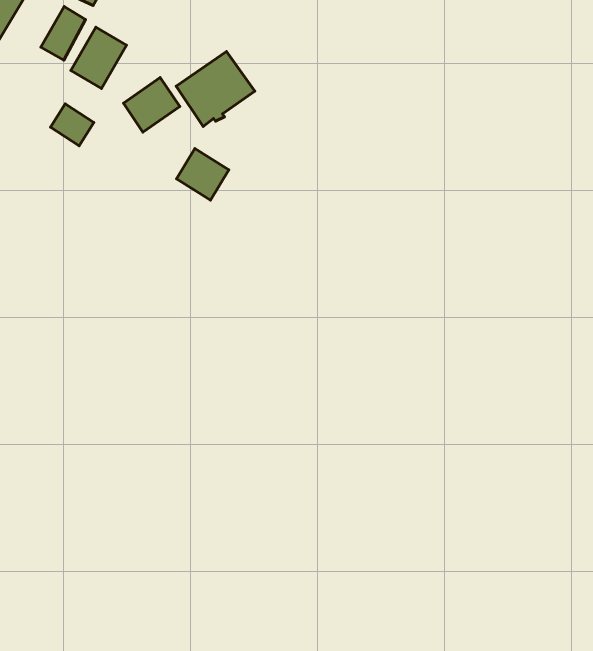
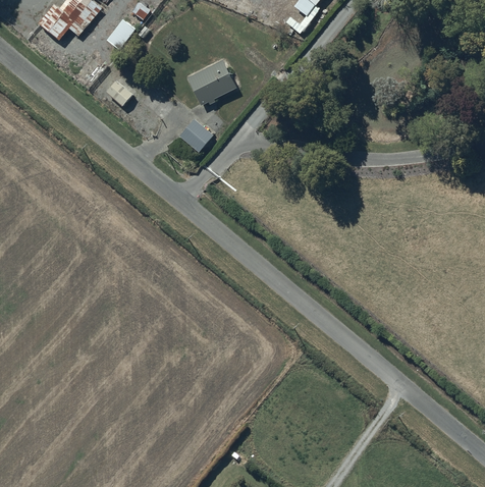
building: [71,27,126,89] -> none
building: [123,78,180,132] -> none

